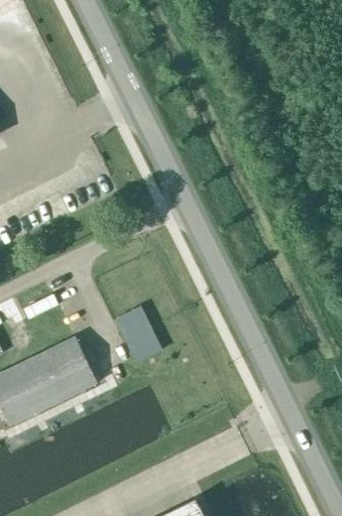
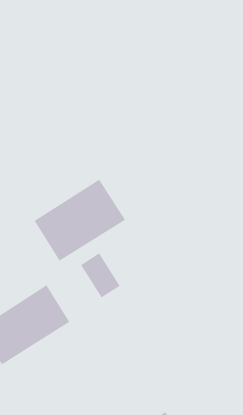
building: none -> [34,179,126,261]

